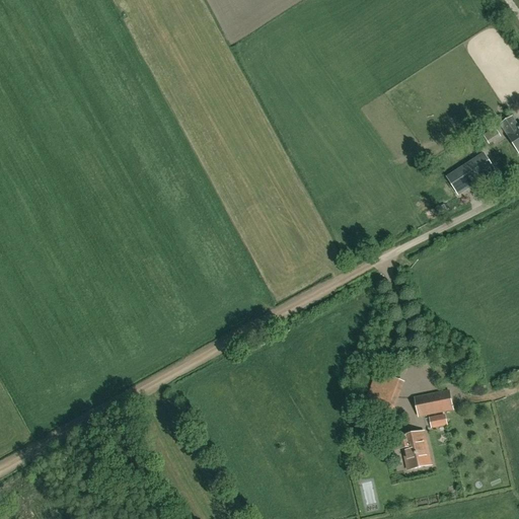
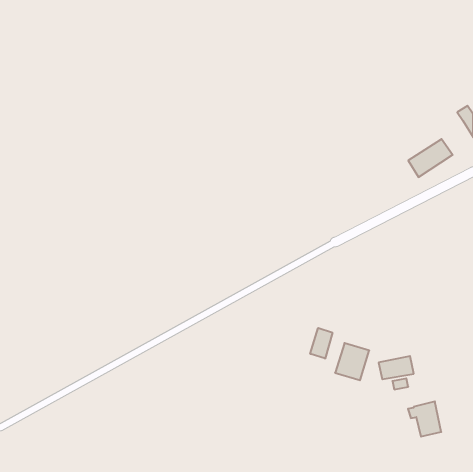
building: none -> [310,328,332,359]
building: [394,430,431,468] -> [408,401,441,437]

